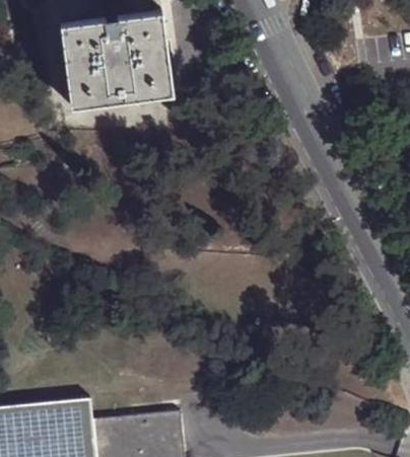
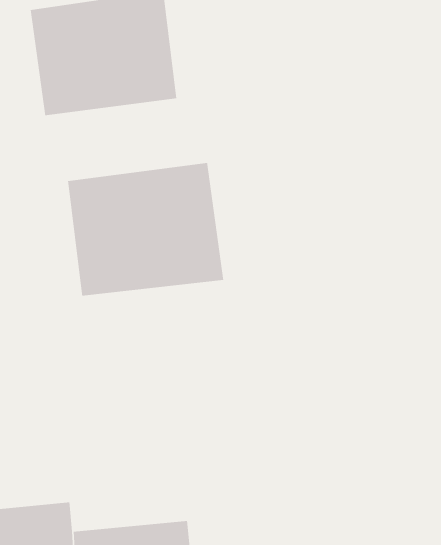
building: none -> [68,162,224,296]

